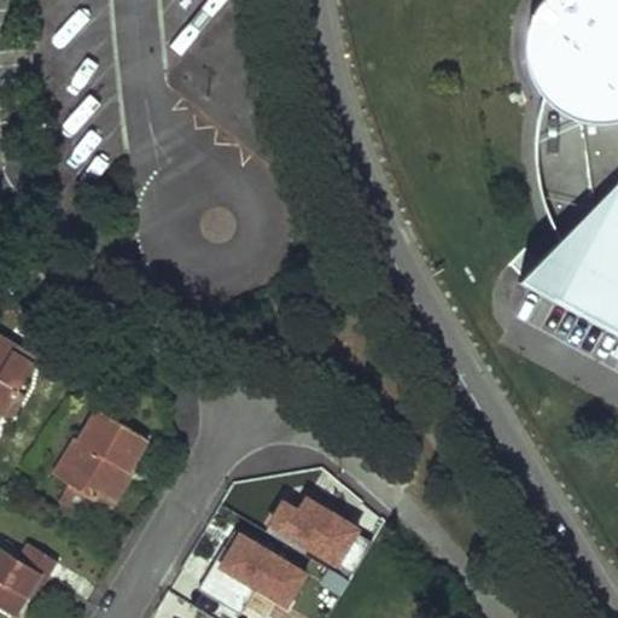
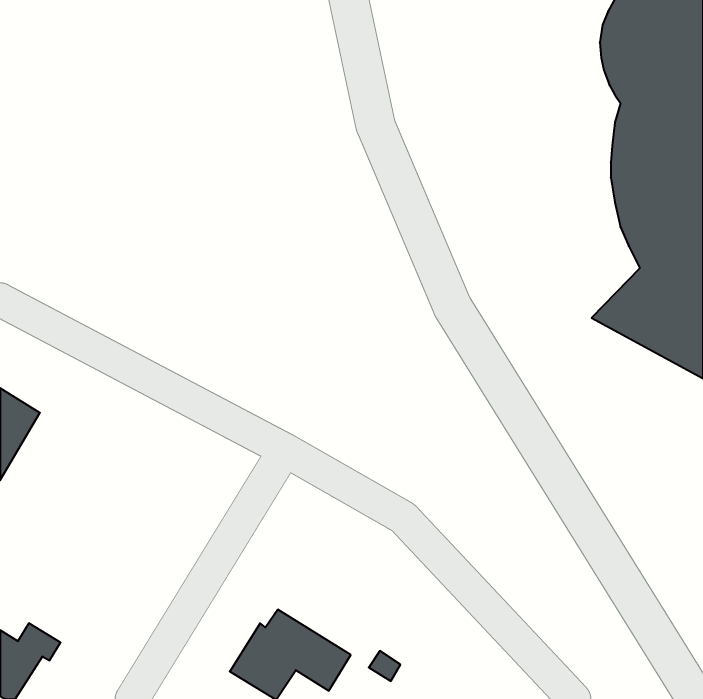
building: [56,409,150,513] -> none
building: [274,500,375,576] -> none

